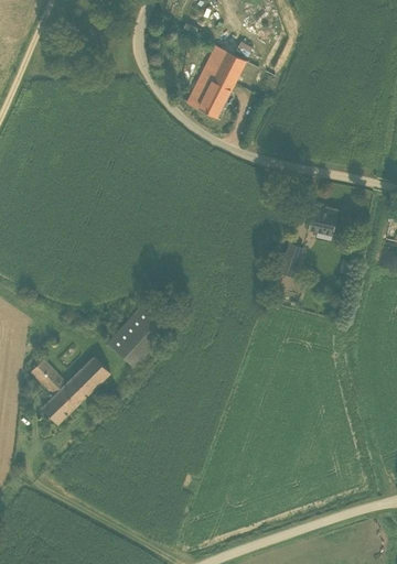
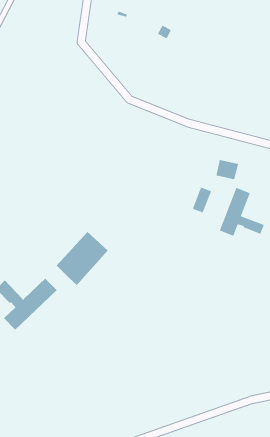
building: [197,46,246,119] -> none
building: none -> [219,187,265,237]

